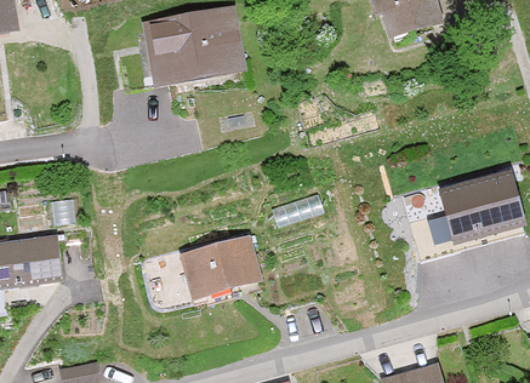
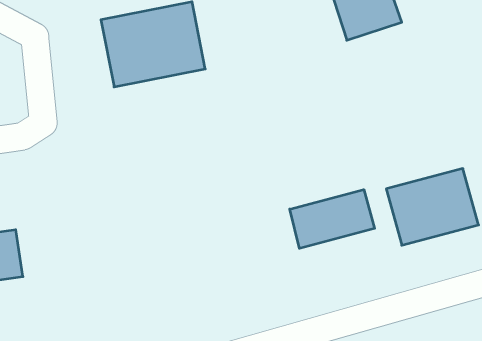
building: none -> [290,190,375,248]
building: [177,233,261,299] -> none

